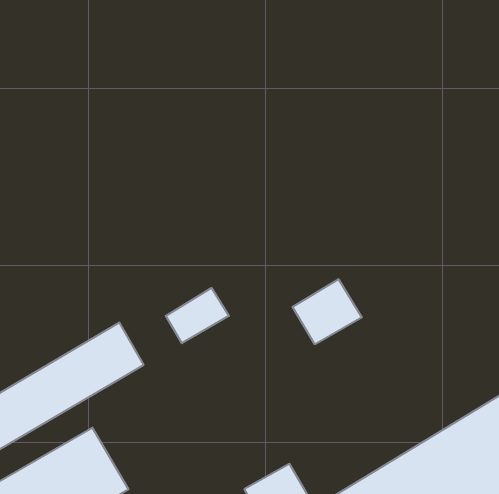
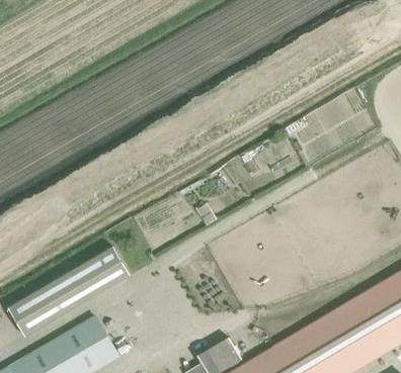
building: [293,279,362,344] -> none
building: [166,288,229,343] -> none

